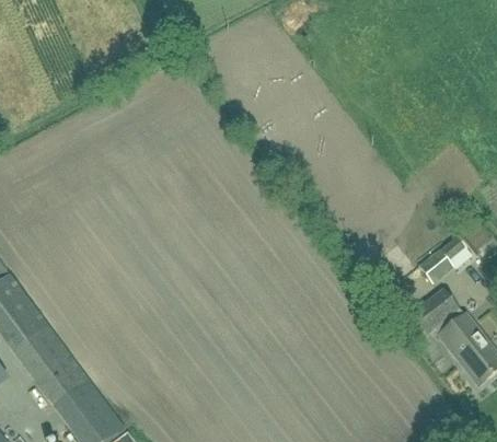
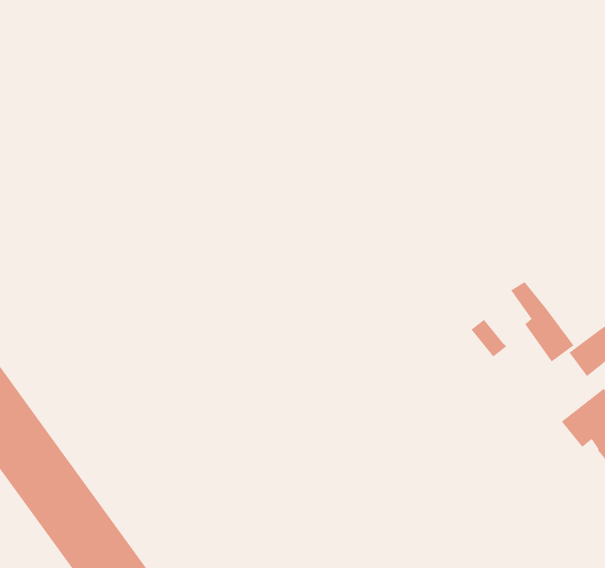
building: none -> [510,281,574,363]

